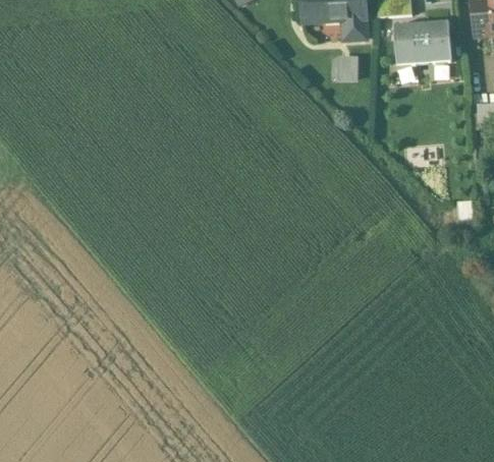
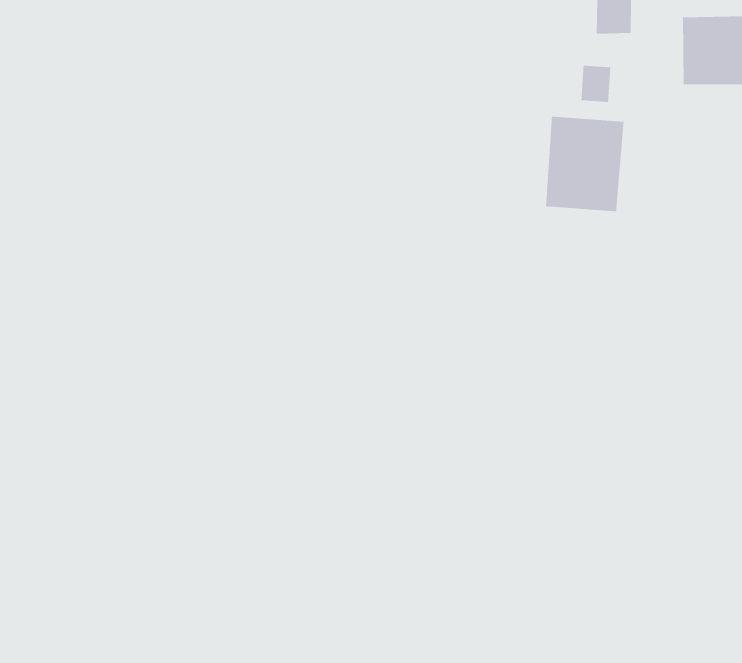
building: none -> [545,116,624,212]

